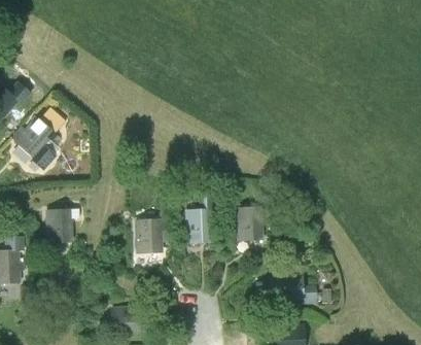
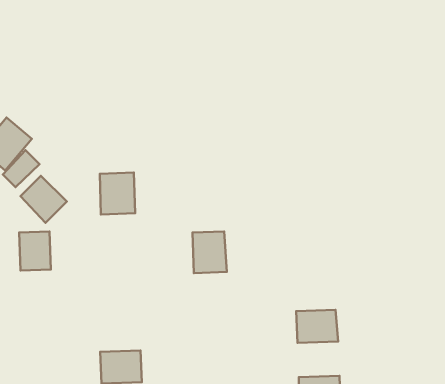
building: none -> [20,176,67,223]
building: [235,207,264,240] -> none
building: [135,219,164,253] -> [100,173,135,214]

